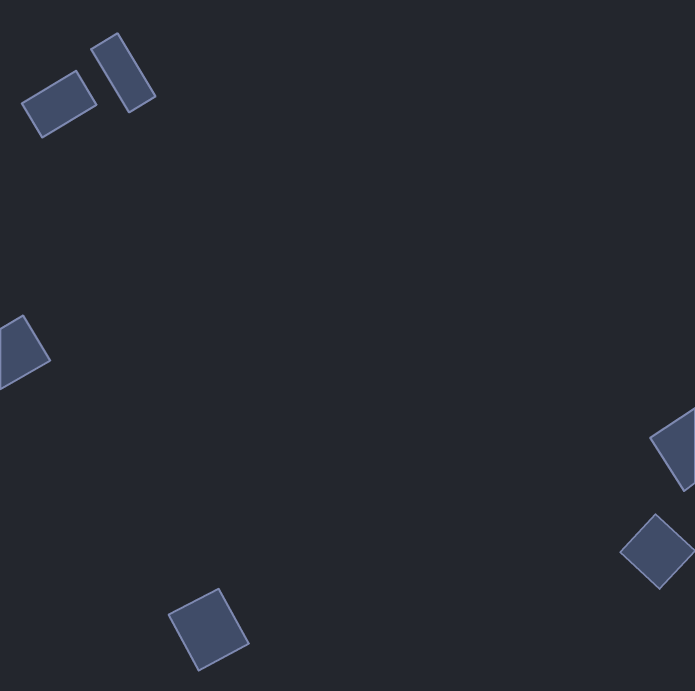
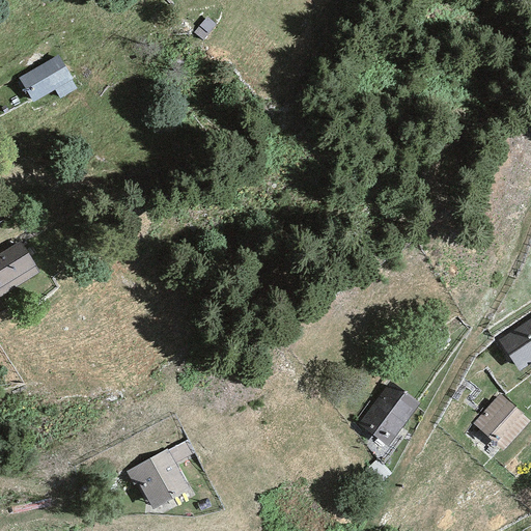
building: [91,33,155,112] -> none
building: none -> [357,379,422,447]

